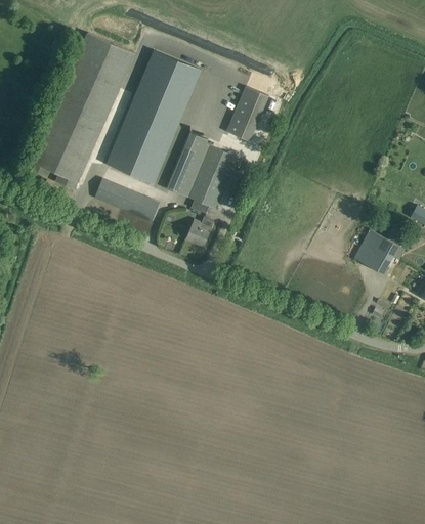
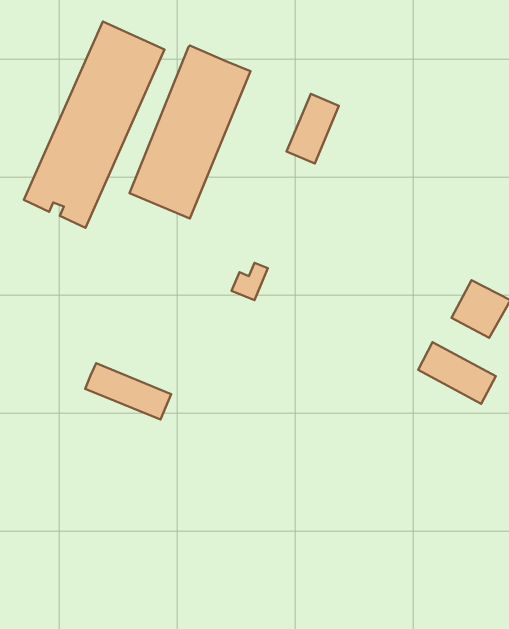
building: [167,132,242,208] -> none
building: [94,178,160,221] -> [85,363,171,420]
building: none -> [418,342,496,404]

